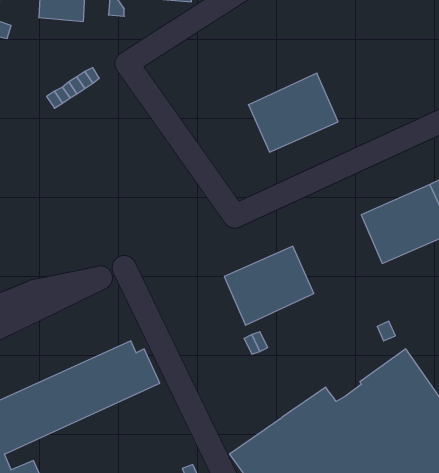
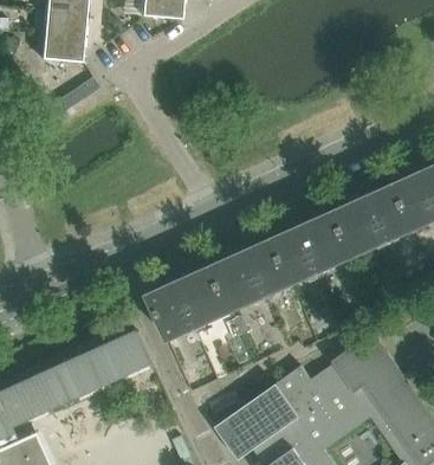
building: none -> [41,33,84,62]
building: [248,73,338,152] -> [272,211,352,282]
building: none -> [148,266,229,337]

